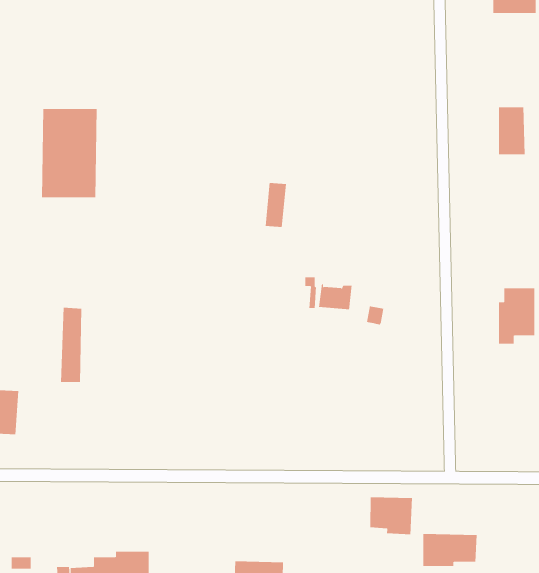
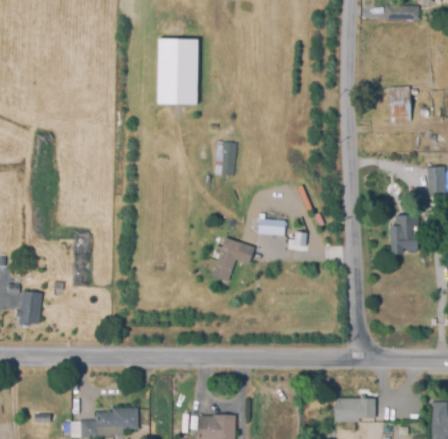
building: [41,109,98,198] -> [156,37,197,102]
building: none -> [211,239,253,283]
building: [370,497,413,535] -> none

